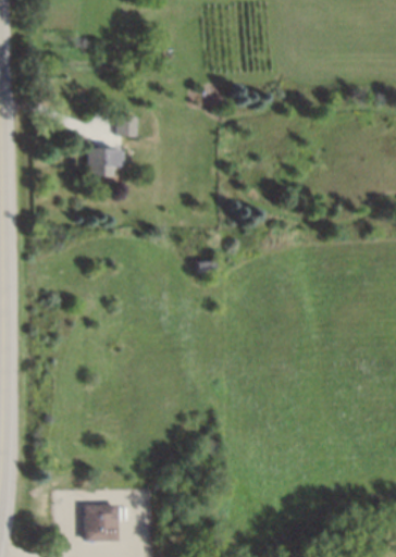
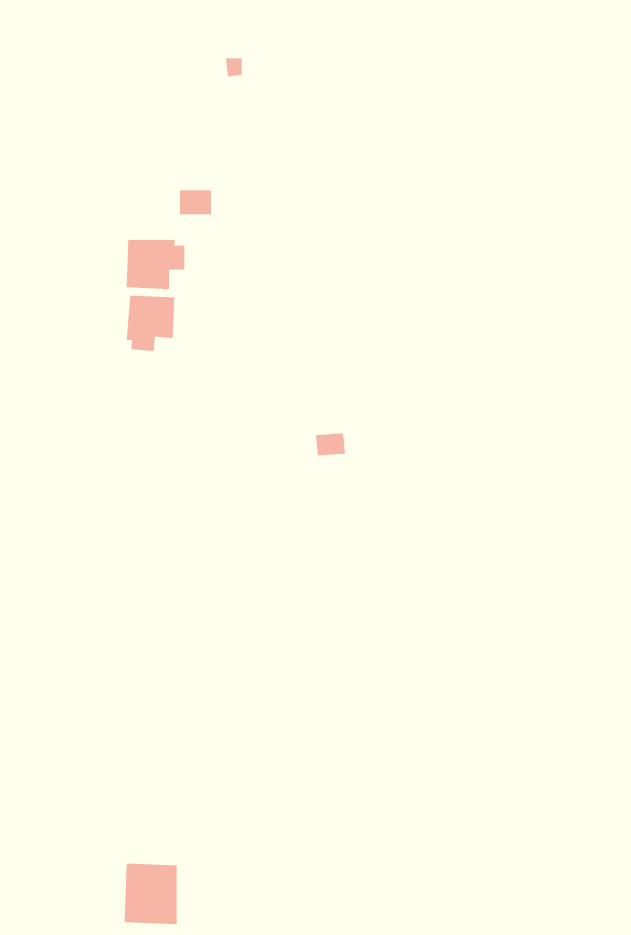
building: none -> [126,295,175,352]

